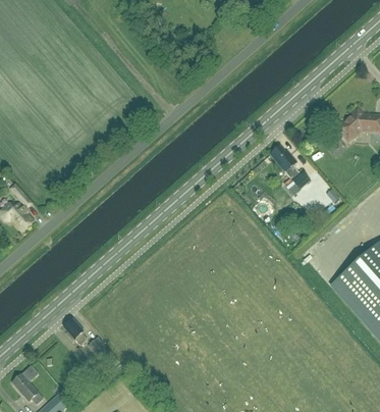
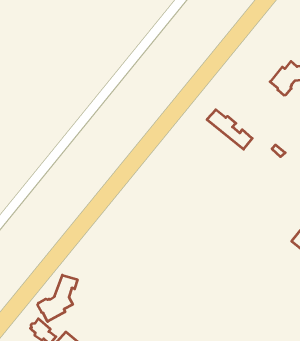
building: none -> [38,275,77,322]

